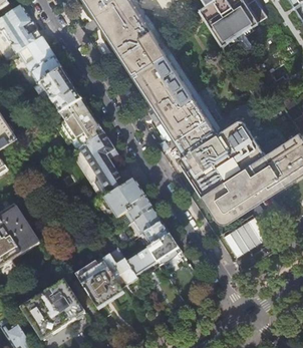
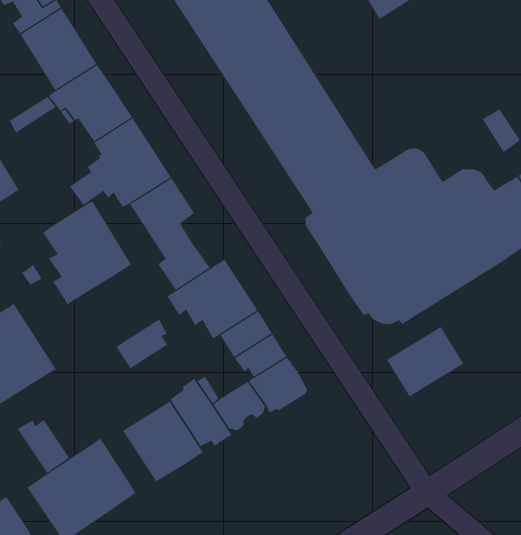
building: none -> [43,200,132,305]
building: none -> [115,318,168,369]
building: none -> [17,419,70,474]

